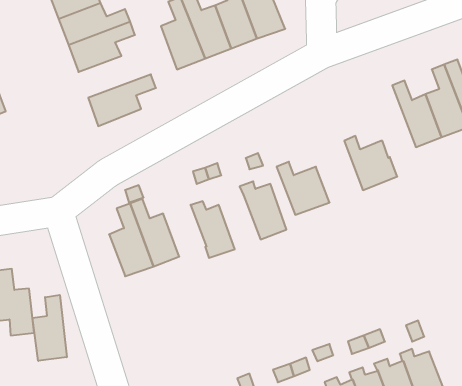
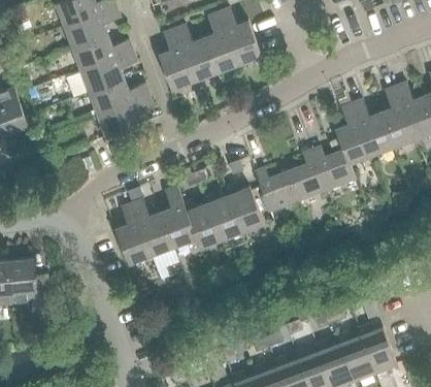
building: none -> [88,79,148,115]
building: none -> [333,104,370,165]
building: none -> [287,151,326,202]
building: none -> [159,187,195,248]
building: none -> [202,193,240,241]
building: [32,295,67,361] -> none

